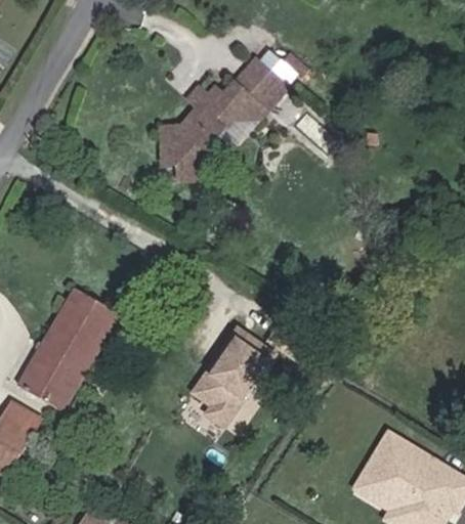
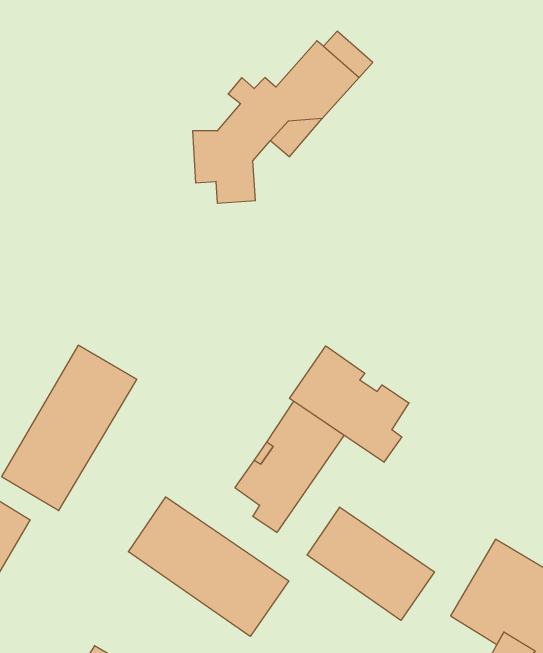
building: none -> [290,346,409,462]
building: none -> [128,497,289,636]
building: none -> [307,507,434,620]

